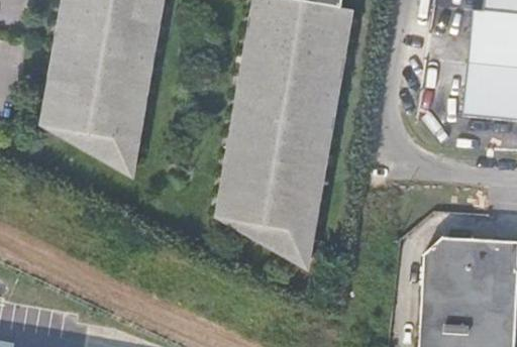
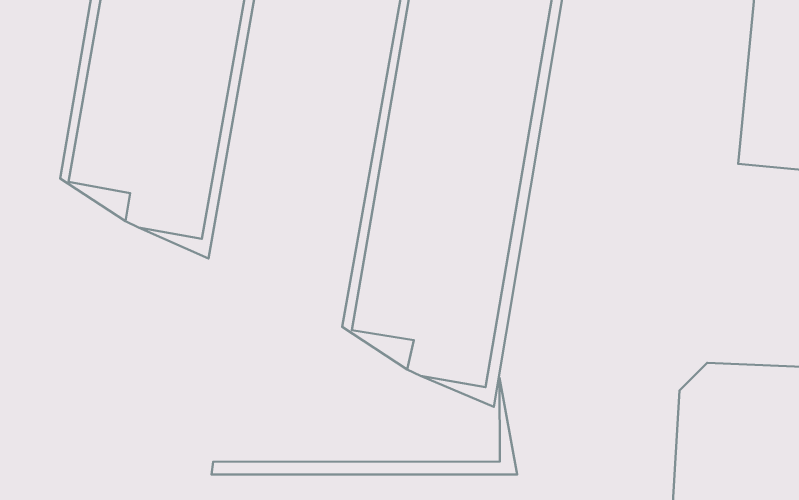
building: none -> [212,378,517,474]

